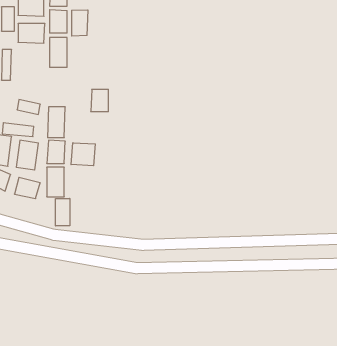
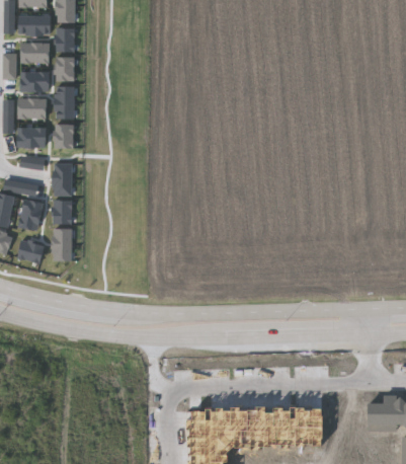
building: [72,10,88,36] -> none
building: none -> [17,97,46,119]
building: none -> [17,127,46,147]
building: [91,89,108,112] -> [54,124,73,148]
building: [71,143,95,166] -> none
building: [56,198,70,226] -> none

